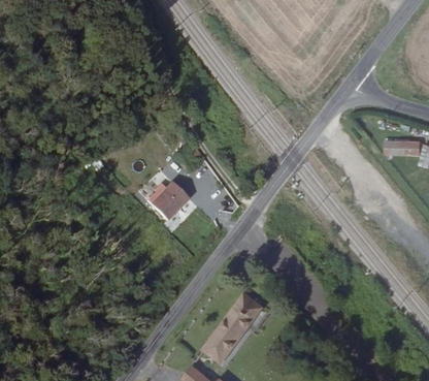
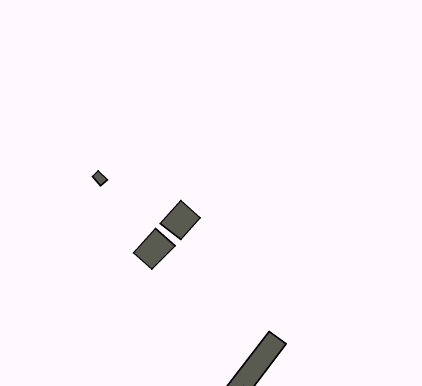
building: none -> [133,228,175,269]

